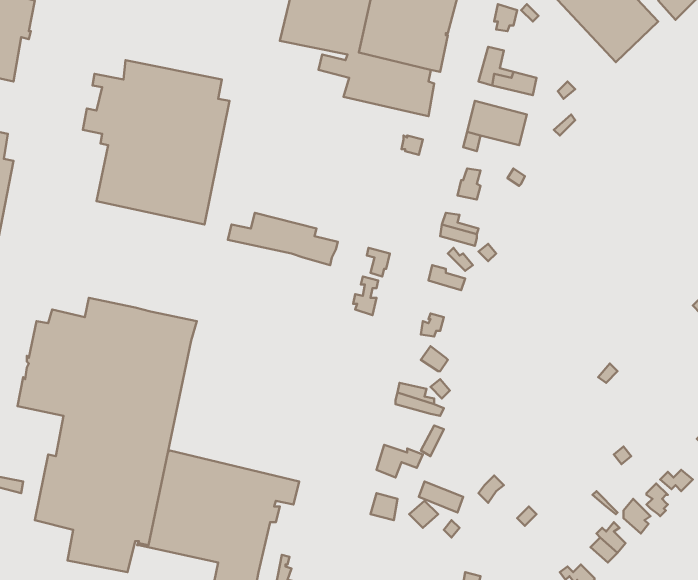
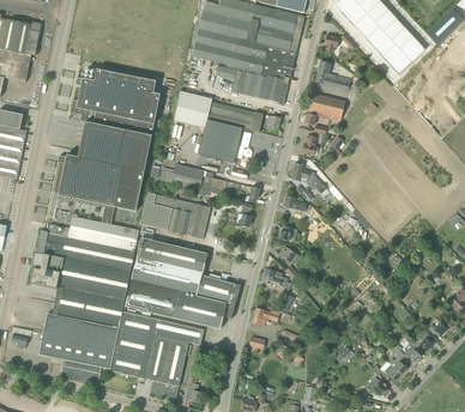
building: none -> [174,90,264,163]
building: none -> [54,154,145,224]
building: none -> [140,193,211,238]
building: none -> [126,237,241,328]

